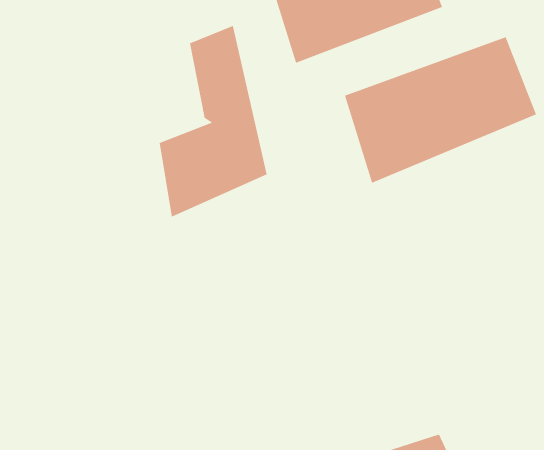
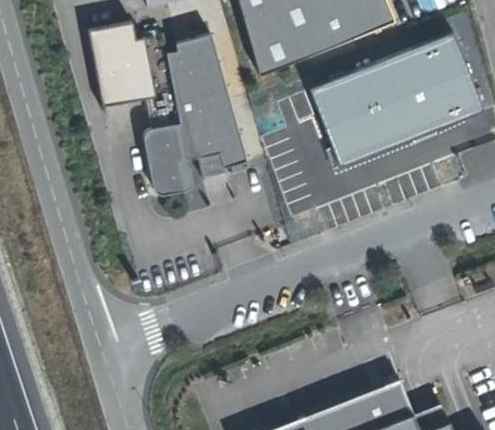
building: none -> [88,24,149,108]

